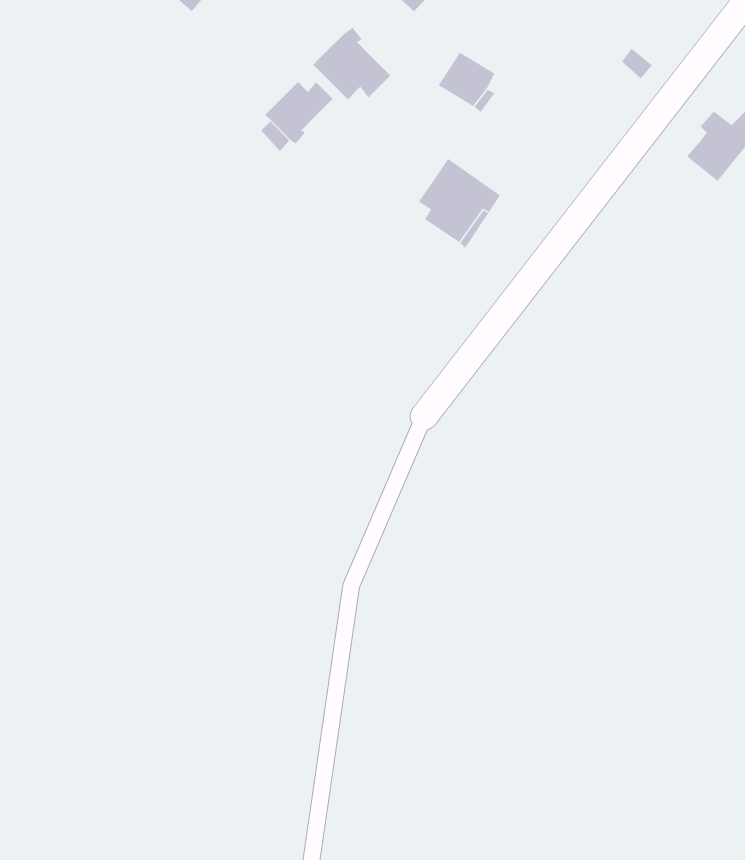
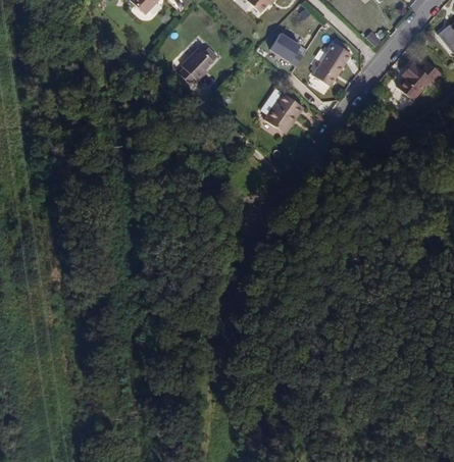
building: [312,27,391,100] -> none
building: none -> [313,43,350,85]

